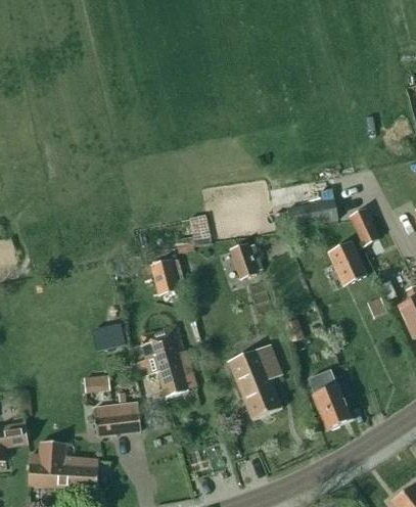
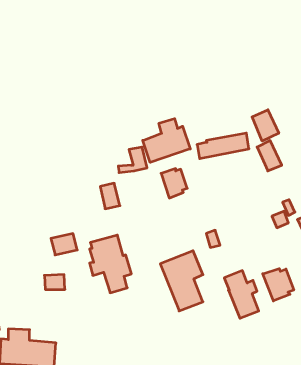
building: none -> [252,110,279,141]
building: none -> [143,119,190,162]
building: [328,242,366,283] -> none
building: none -> [263,269,294,301]
building: [93,402,141,434] -> none

